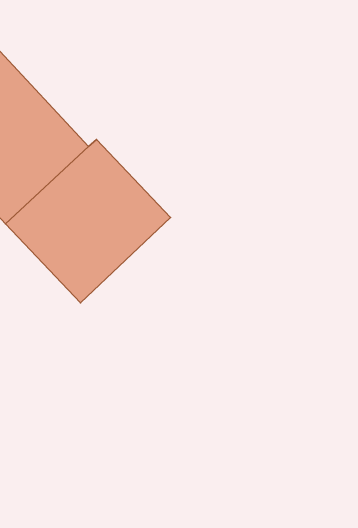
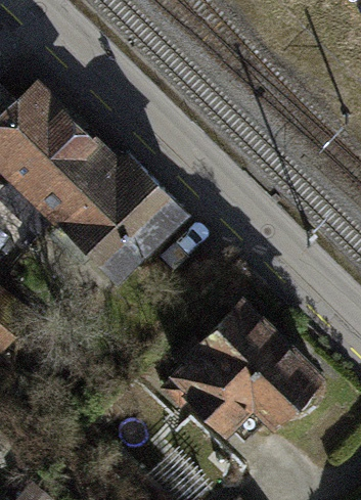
building: none -> [179,305,315,419]

